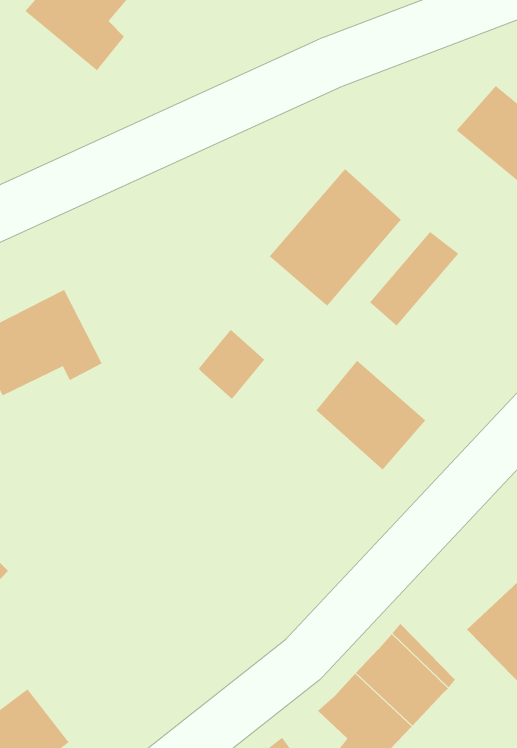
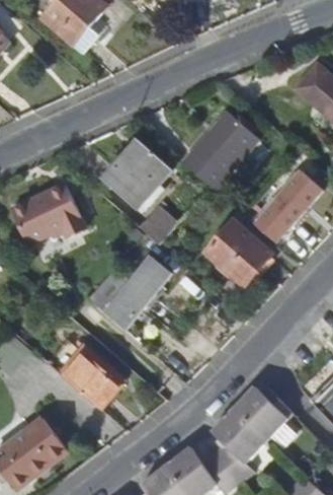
building: none -> [103,141,170,209]
building: [369,231,459,326] -> [263,173,316,229]
building: none -> [87,258,172,331]
building: none -> [60,353,132,416]

